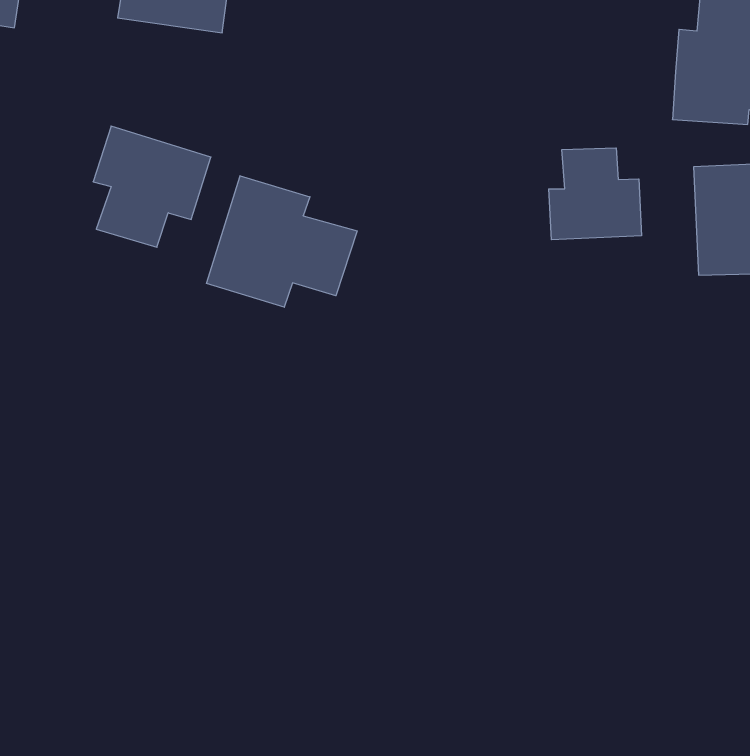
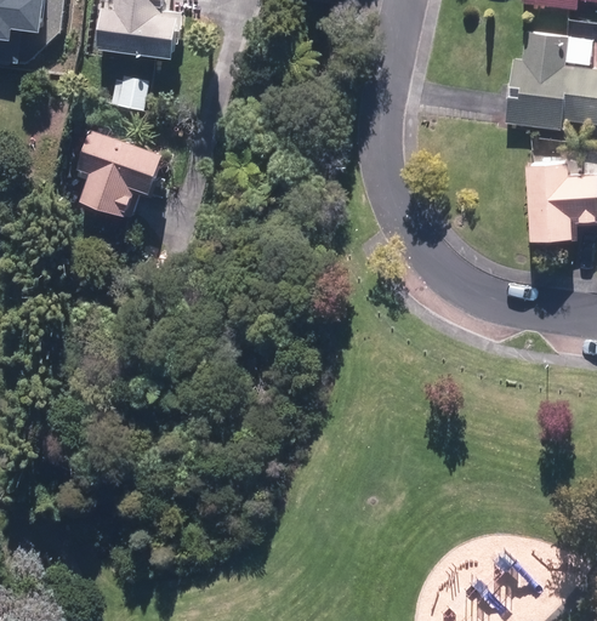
building: [549,148,641,240] -> none
building: [206,176,357,307] -> none

